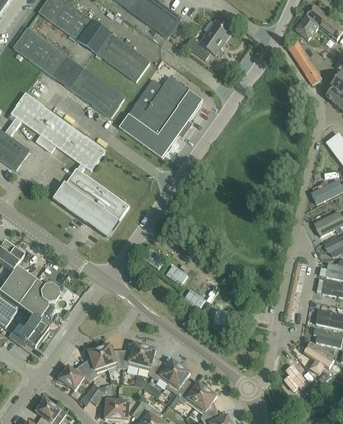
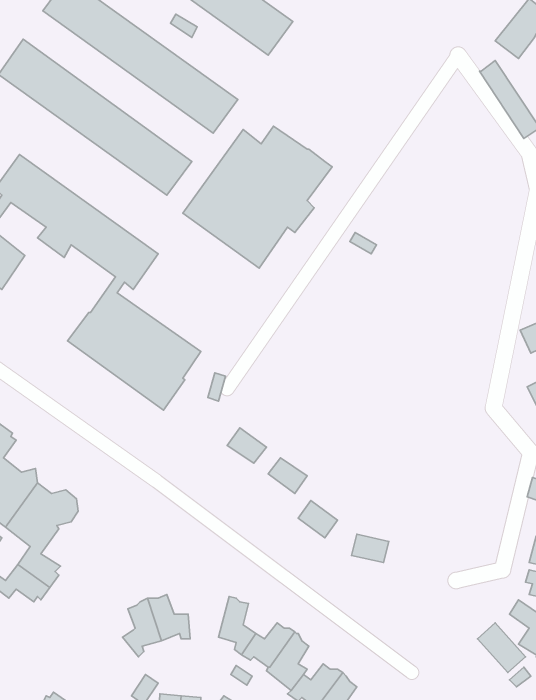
building: [184,18,231,59] -> none
building: [121,341,144,367] -> none
building: [58,364,93,389] -> none

